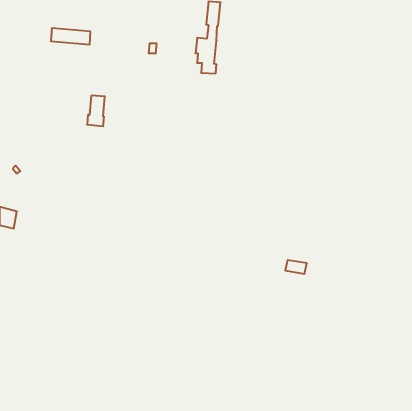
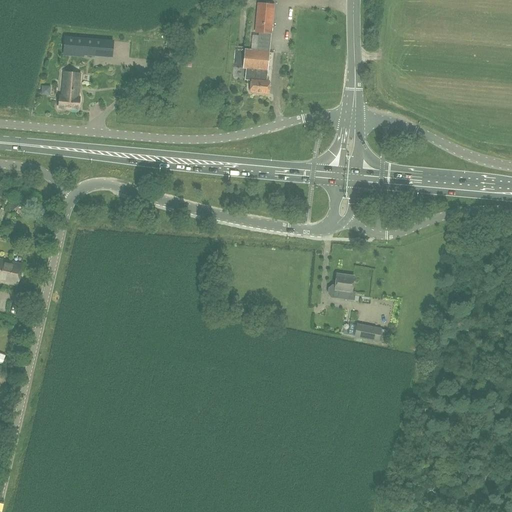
building: [87,96,105,126] -> [58,70,80,108]
building: none -> [327,272,354,298]

